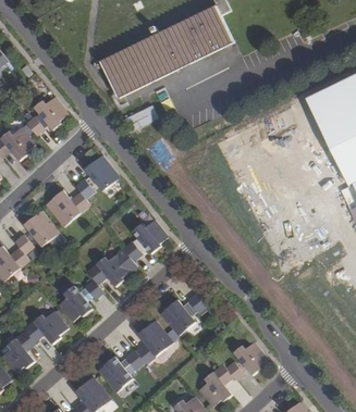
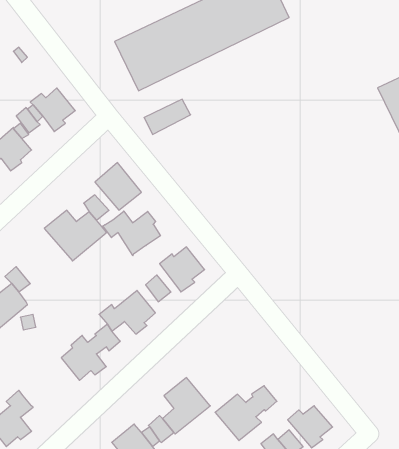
building: none -> [103,211,160,256]
building: [24,210,59,246] -> none
building: [159,292,207,335] -> [215,386,277,441]
building: [24,310,67,344] -> none

